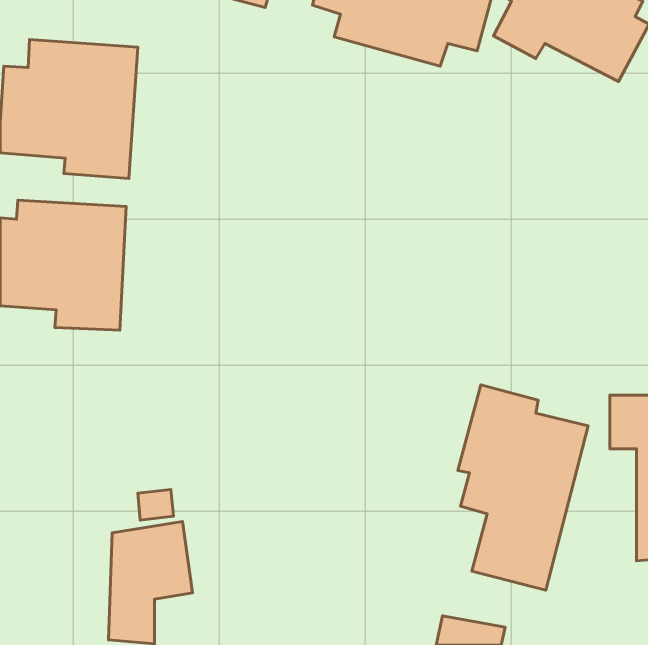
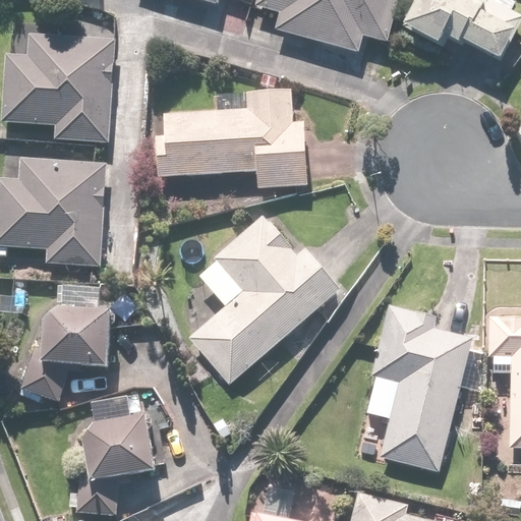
building: none -> [150,94,309,191]
building: none -> [189,214,337,382]
building: none -> [31,312,112,401]

